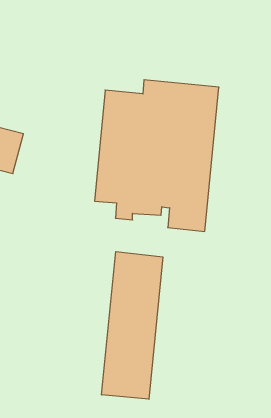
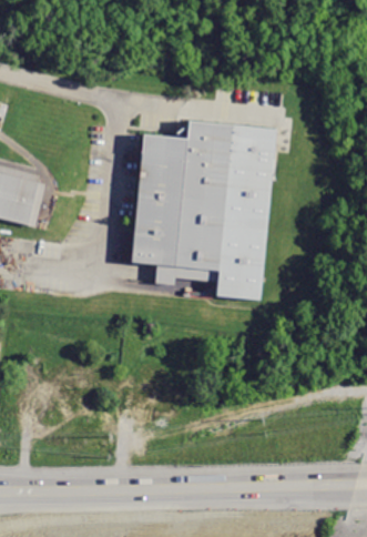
building: [102,252,163,399] -> none

